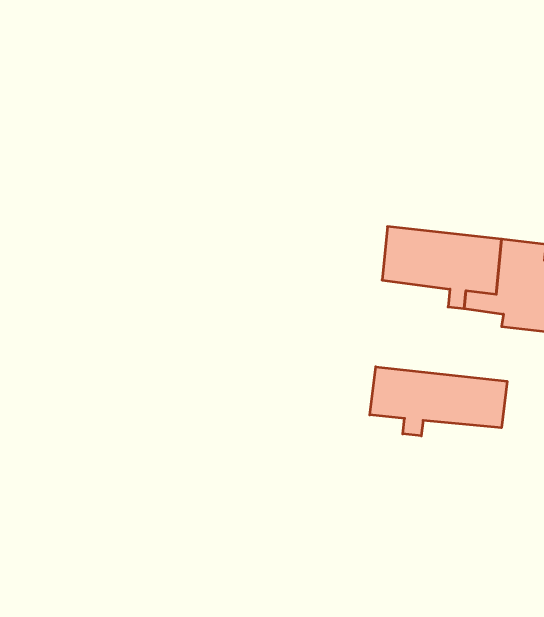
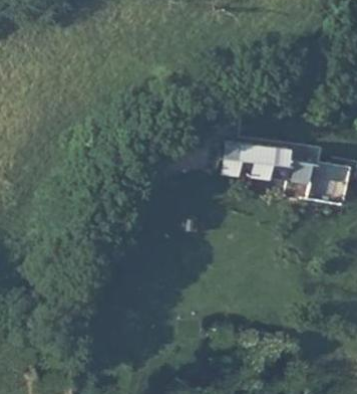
building: [370,367,507,436] -> none

